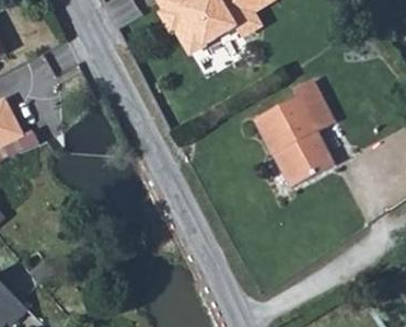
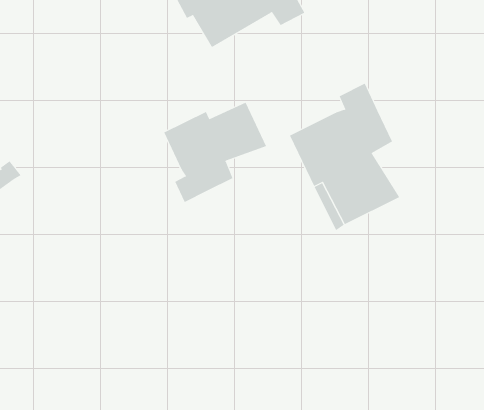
building: none -> [163,102,267,203]

